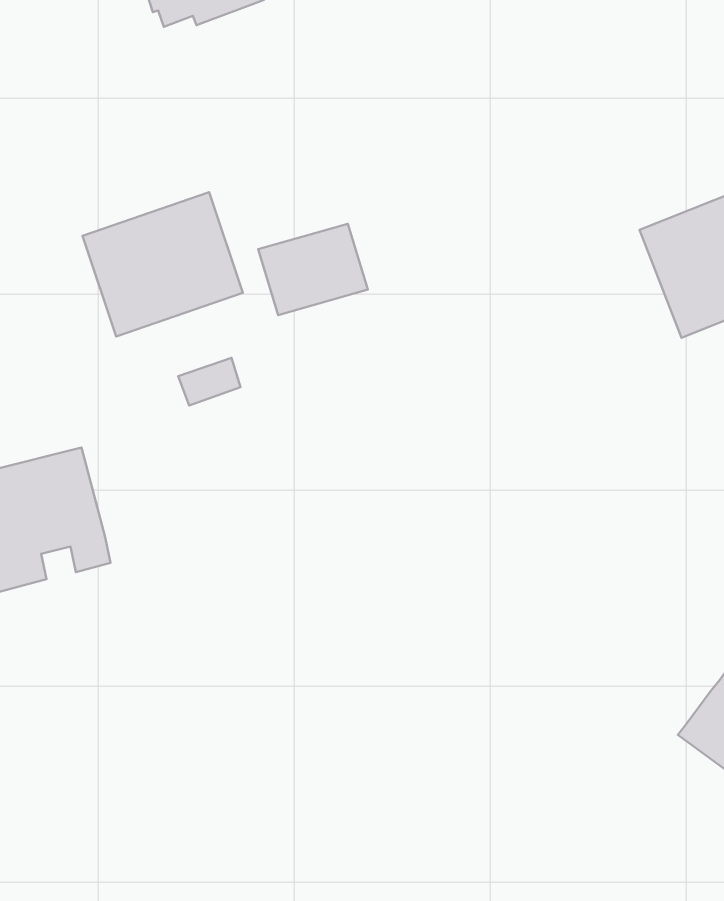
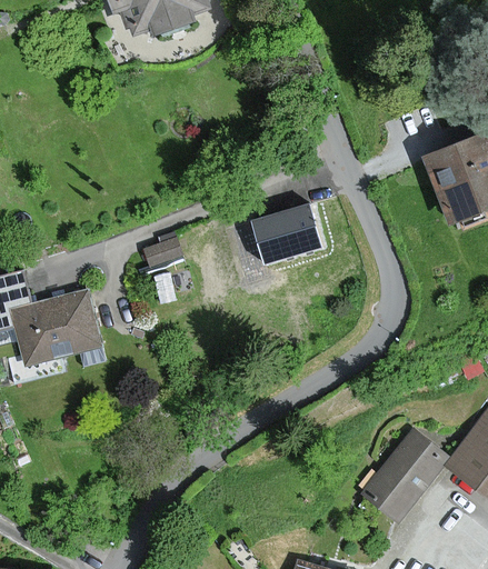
building: [83,192,243,336] -> none
building: [258,224,368,315] -> [252,204,319,260]
building: none -> [365,430,447,518]

